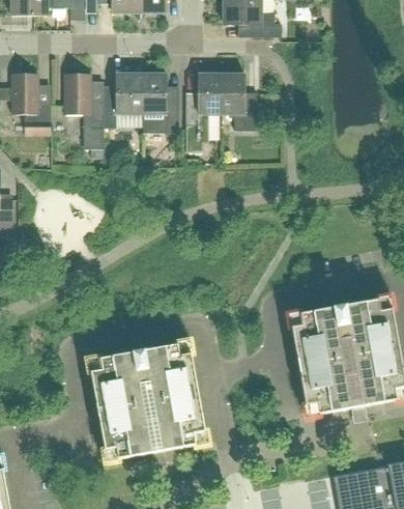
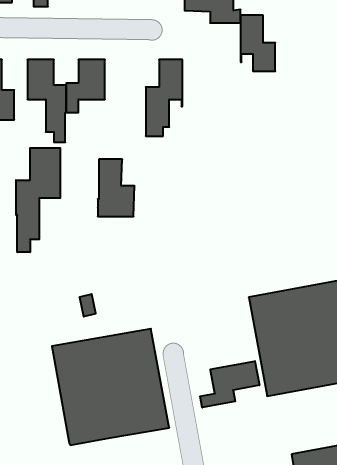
building: [141,73,178,131] -> [98,159,135,216]
building: [221,73,256,130] -> [241,15,275,71]
building: none -> [16,148,60,252]
building: none -> [200,361,259,408]

